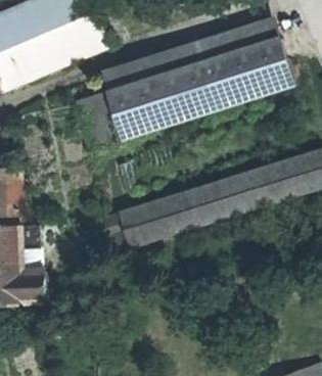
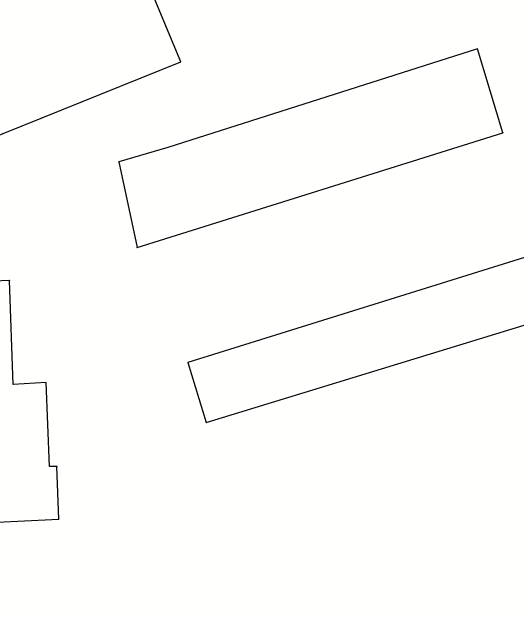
building: [103,17,282,92] -> none

